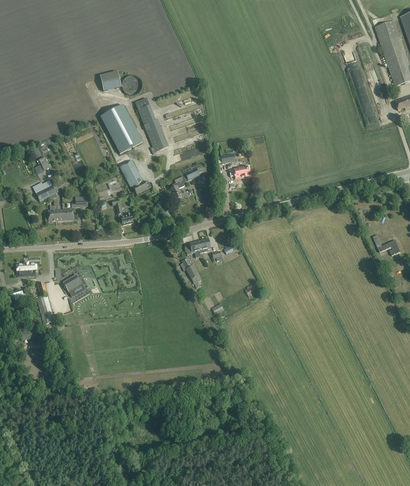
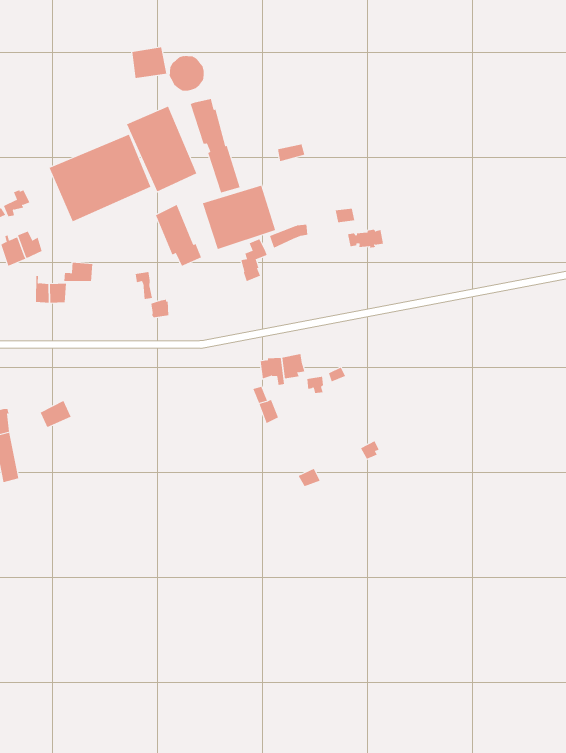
building: none -> [49,134,151,222]
building: none -> [202,185,276,250]

